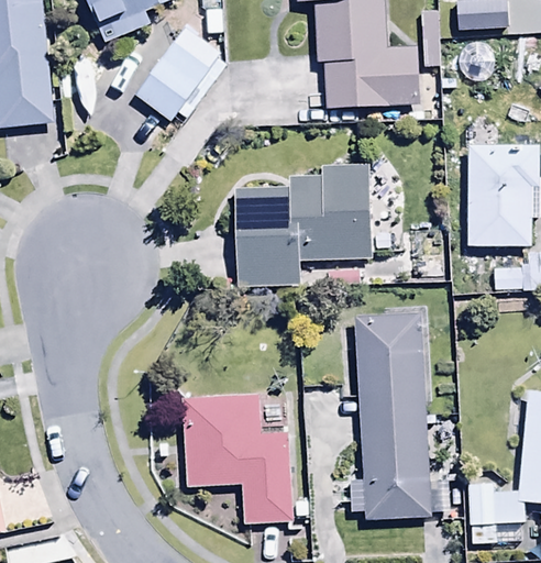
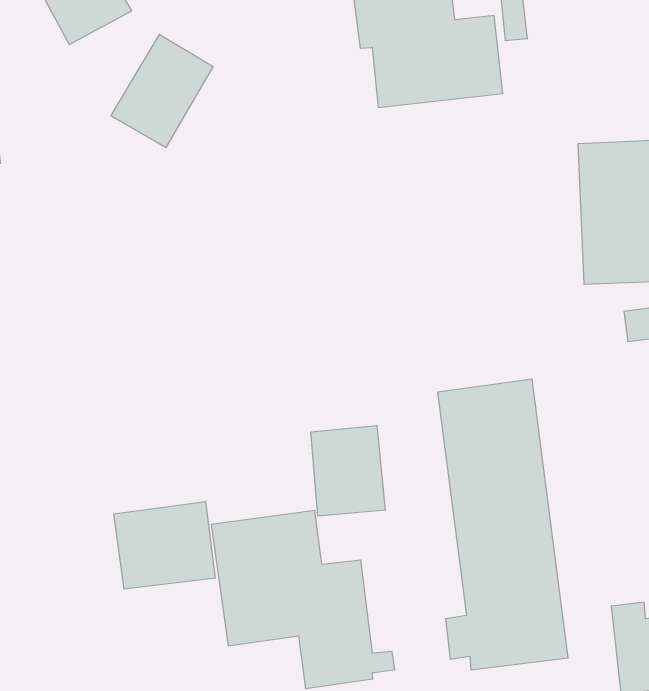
building: [236,163,369,286] -> none
building: none -> [311,425,385,516]
building: none -> [114,501,215,589]

